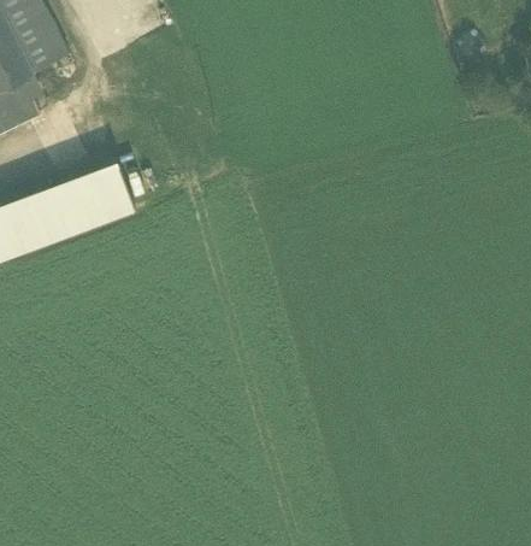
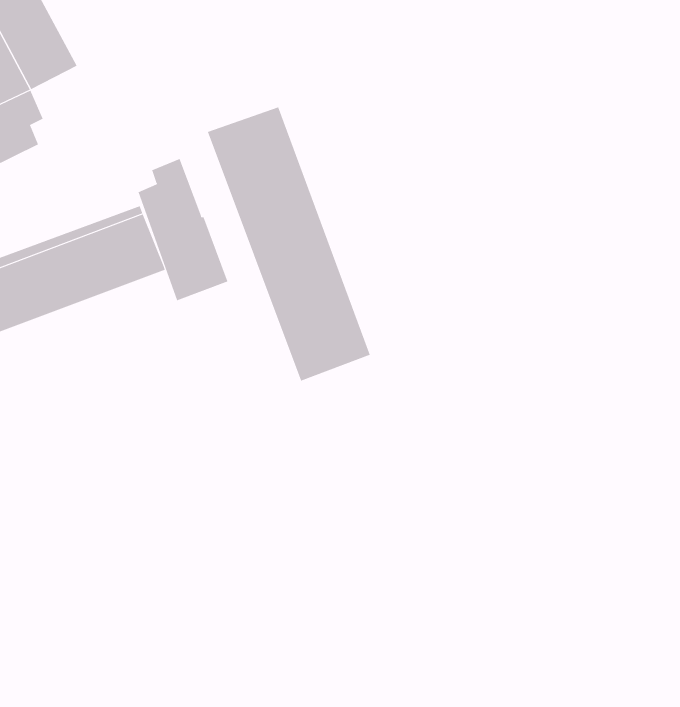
building: none -> [207,107,371,381]
building: none -> [138,158,228,301]

